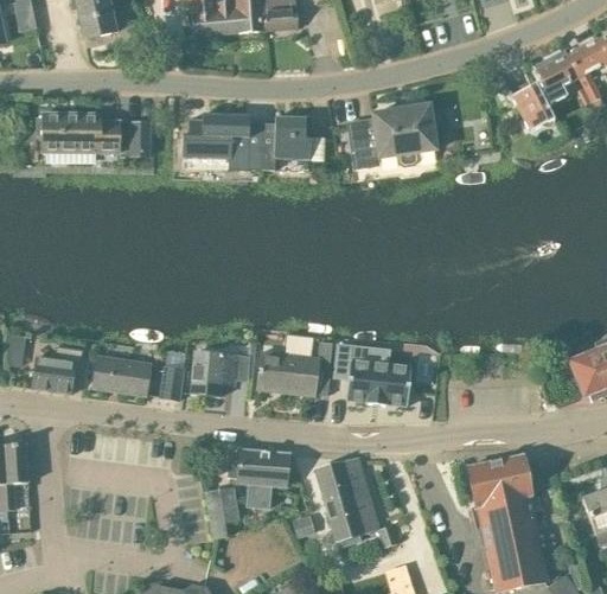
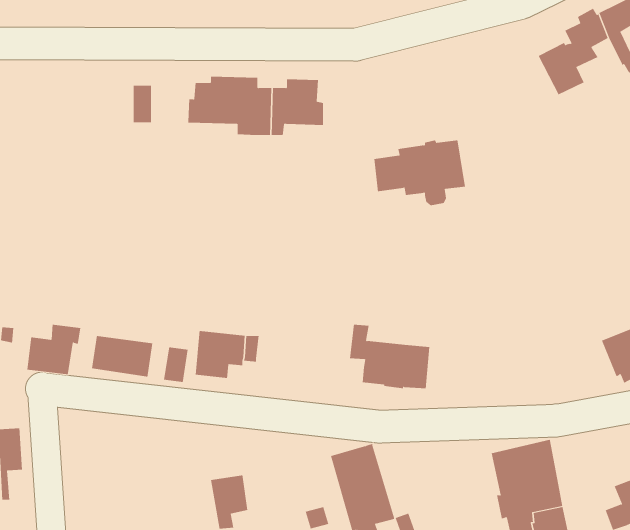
building: [350,104,436,166] -> [374,140,466,206]
building: [37,113,119,151] -> none
building: [257,341,333,395] -> none
building: [229,447,288,506] -> none

